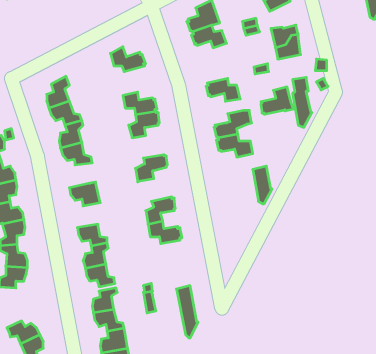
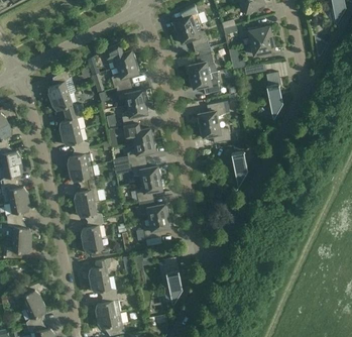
building: none -> [111,62,139,88]
building: [261,87,295,114] -> [188,52,218,77]
building: none -> [124,123,153,143]
building: none -> [68,147,92,170]
building: none -> [131,161,160,182]
building: none -> [75,183,99,205]
building: none -> [143,216,170,239]

